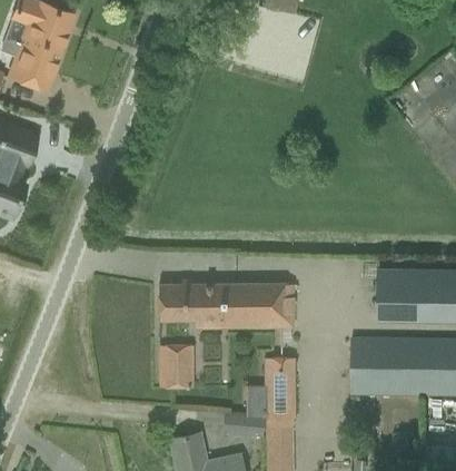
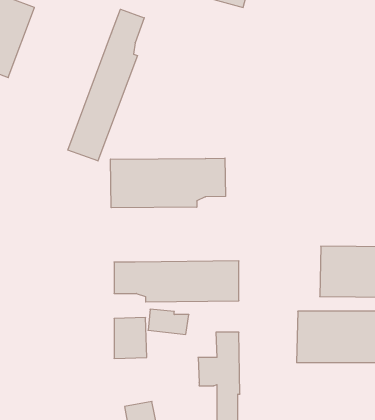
building: none -> [68,9,144,161]
building: none -> [111,158,226,208]
building: [220,411,264,438] -> [148,309,189,334]

